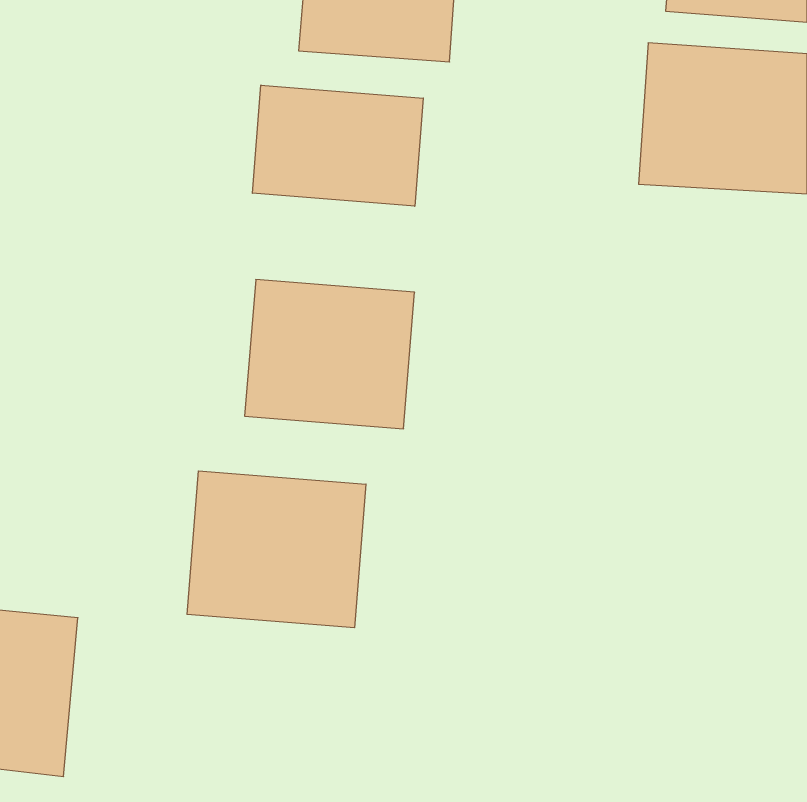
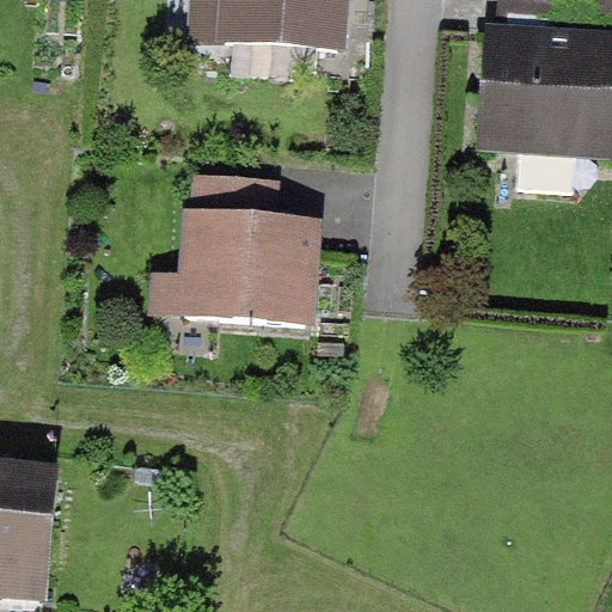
building: [252,85,423,206] -> none
building: [187,471,366,628] -> none

